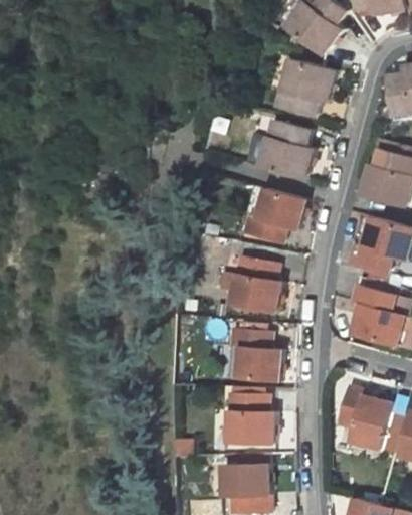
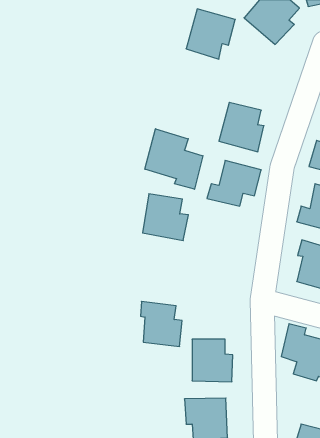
building: [274,59,332,118] -> [186,9,235,59]
building: none -> [145,129,203,189]
building: [229,256,282,311] -> [143,194,188,241]
building: [232,329,280,381] -> [141,301,182,346]

